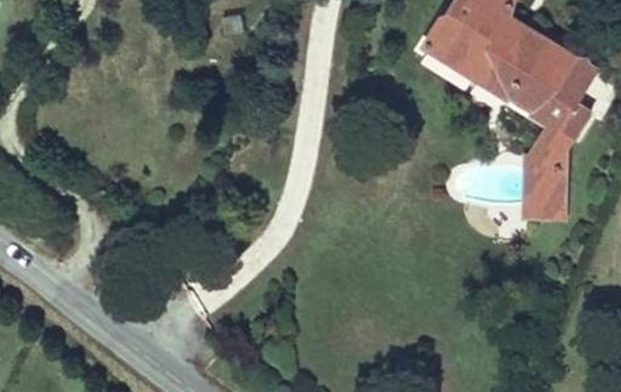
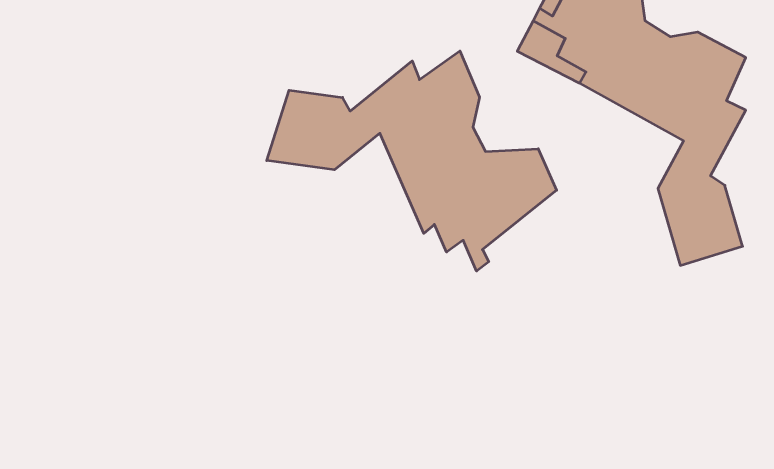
building: none -> [267,51,557,271]

